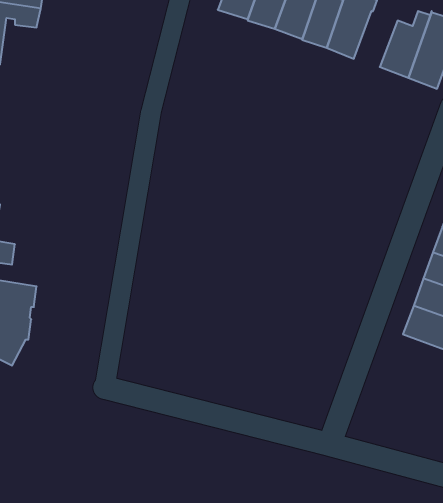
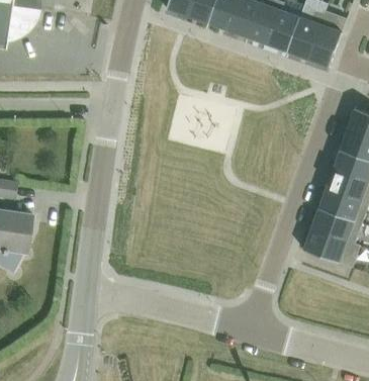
building: none -> [267,10,299,52]

